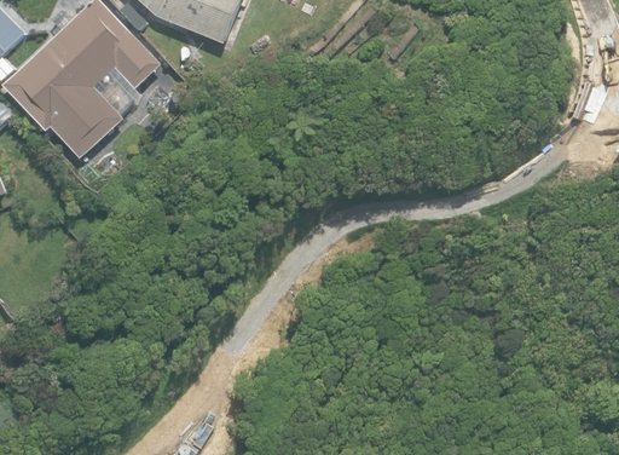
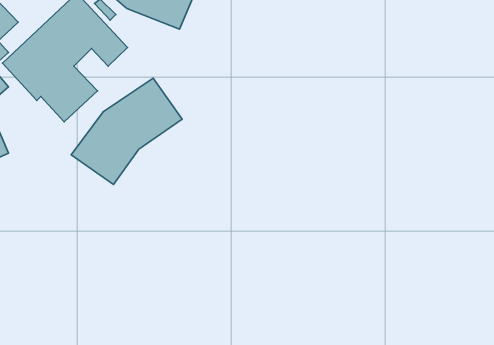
building: none -> [71,78,182,184]

